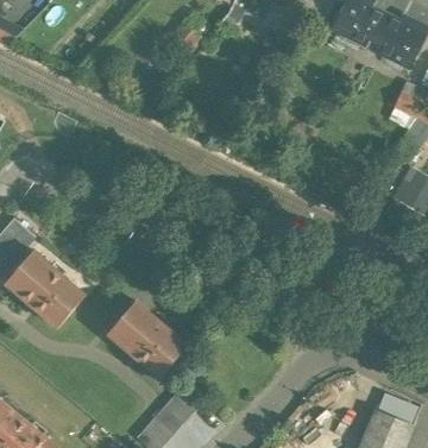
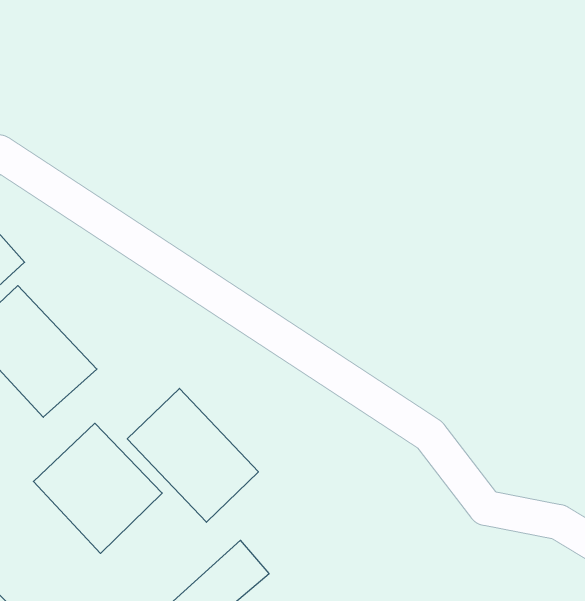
building: none -> [33,423,162,553]

